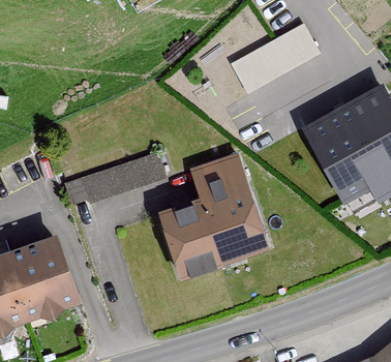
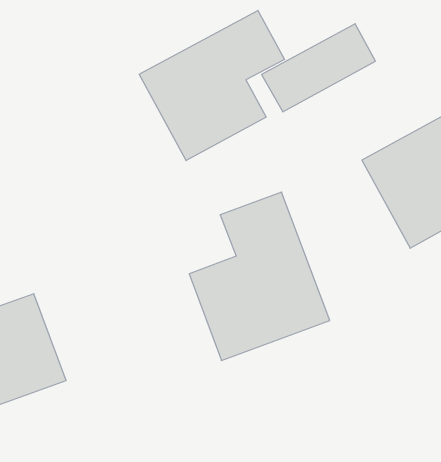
building: none -> [139,10,285,161]
building: [63,154,164,211] -> none

